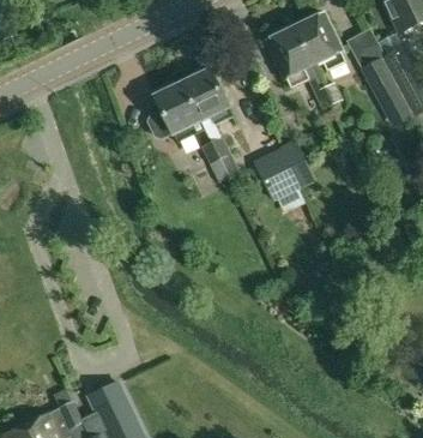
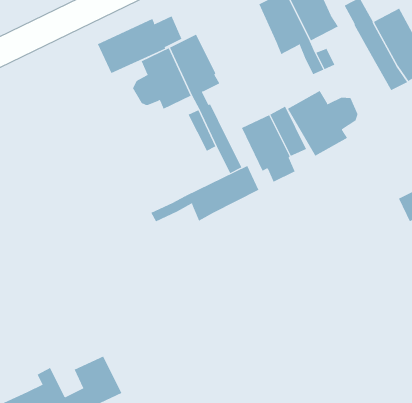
building: none -> [97,15,182,74]
building: none -> [287,90,358,157]
building: none -> [151,165,259,222]

